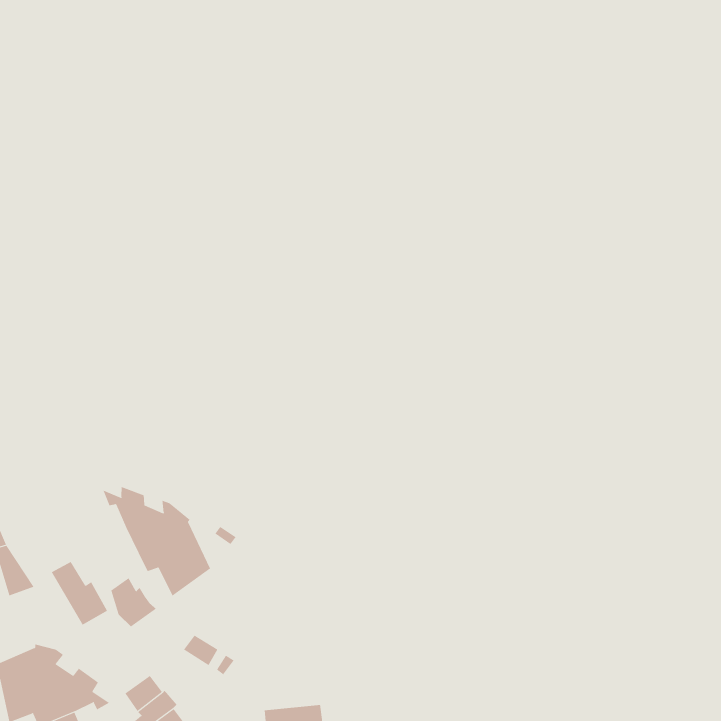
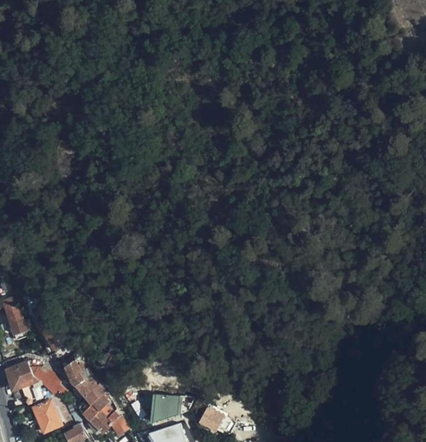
building: [103,486,211,596] -> none
building: [111,578,156,627] -> [64,359,89,386]

